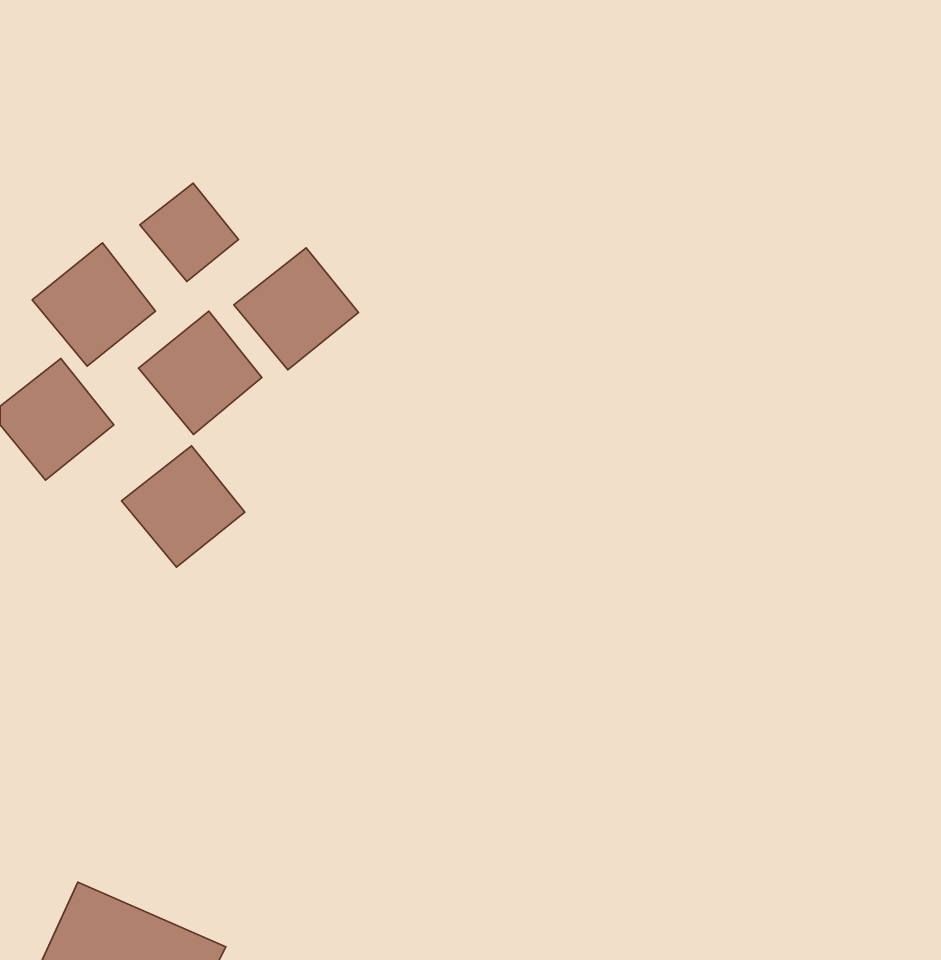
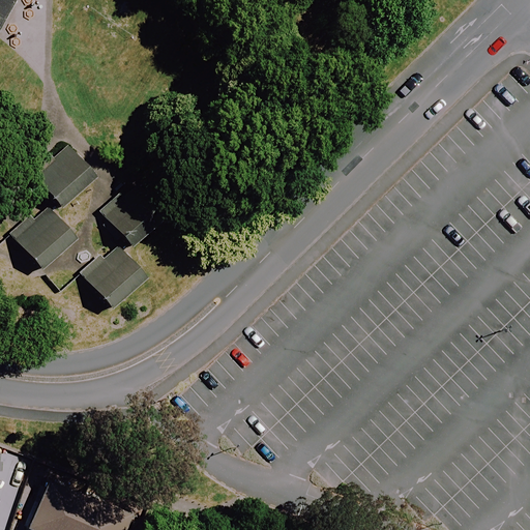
building: [140,183,239,282] -> none
building: [234,248,358,370] -> none

